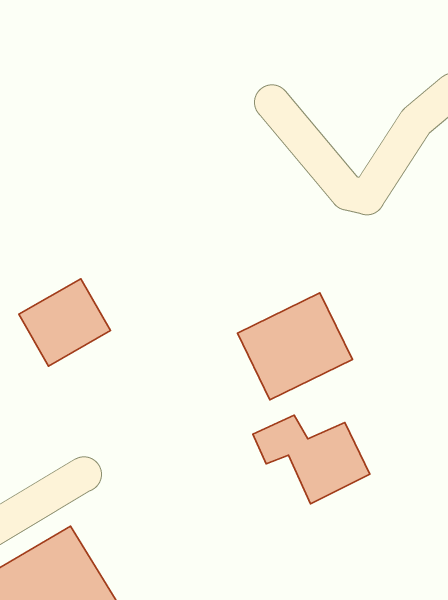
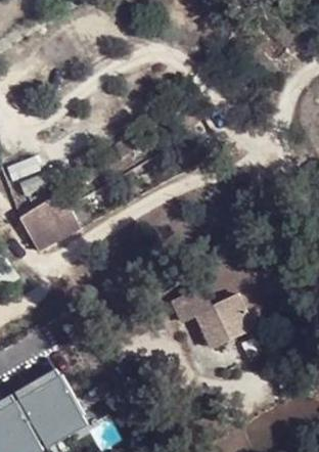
building: [237,293,352,400] -> none

